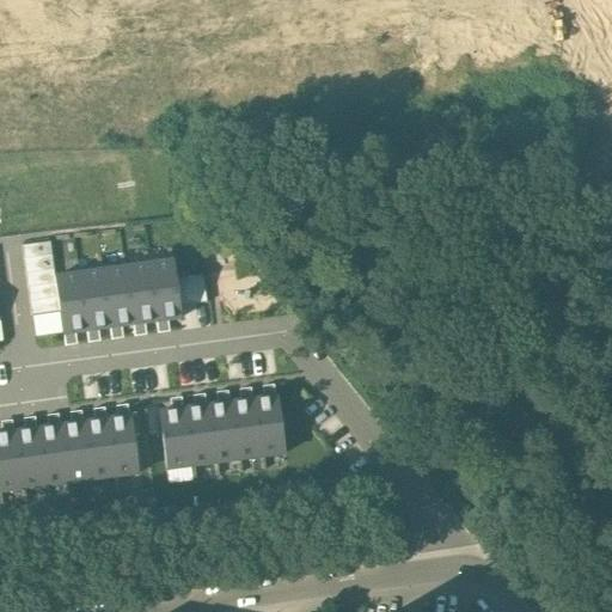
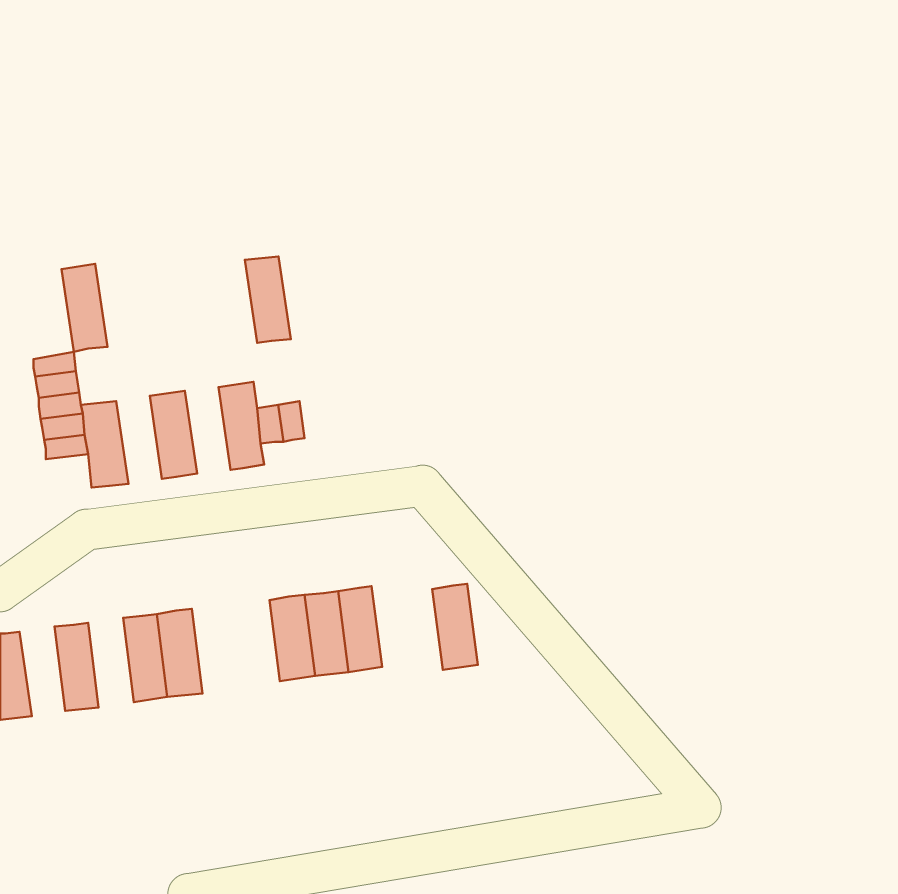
building: [127,263,158,322] -> [245,256,291,343]
building: [80,269,111,329] -> [62,264,107,352]
building: [253,394,284,453] -> [432,584,478,670]
building: [160,408,191,465] -> none
building: [61,420,92,481] -> none
building: [14,426,45,486] -> none

